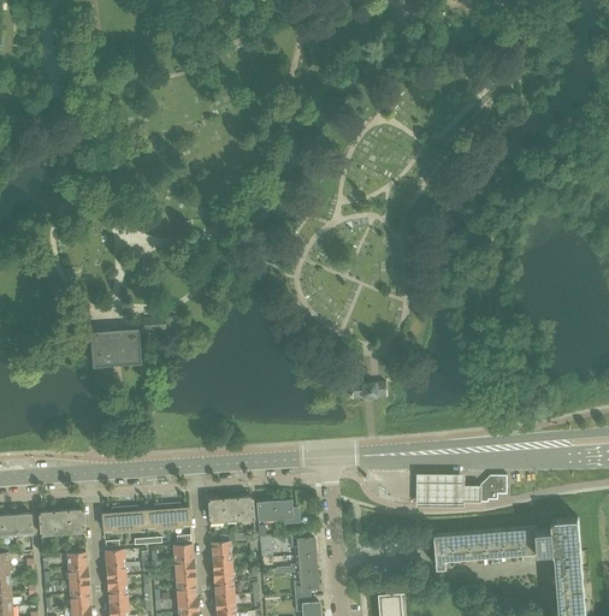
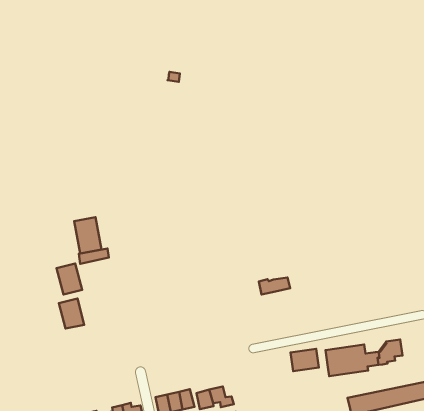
building: none -> [74,217,101,253]
building: [90,332,117,366] -> [59,298,84,329]
building: none -> [290,349,319,371]

